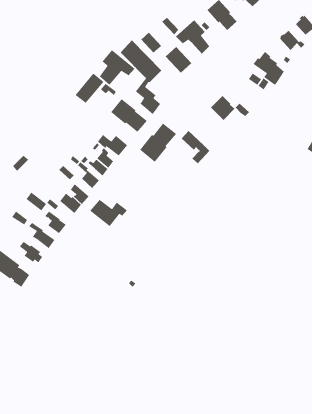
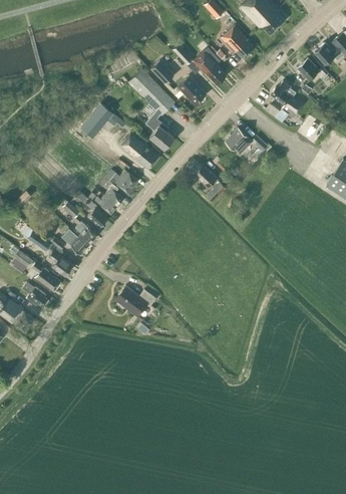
building: [99,49,135,86] -> none
building: [139,122,177,163] -> none
building: [89,199,128,227] -> [114,286,155,316]

